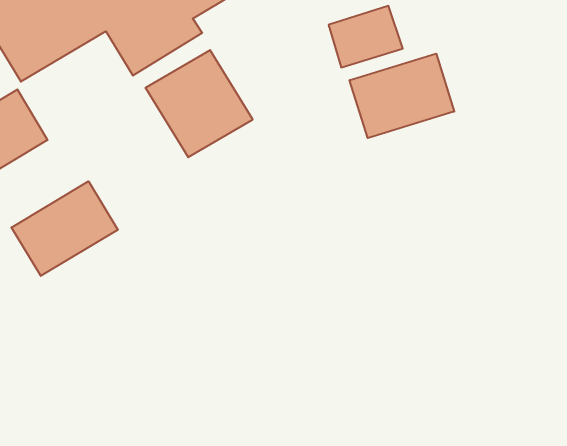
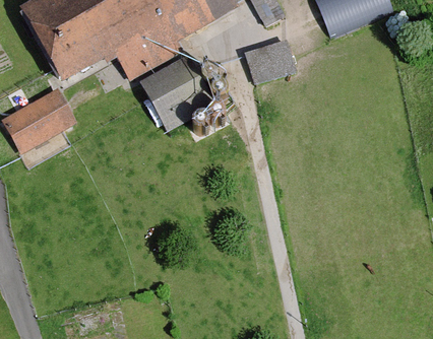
building: [350,54,454,138] -> none
building: [11,181,118,276] -> none

